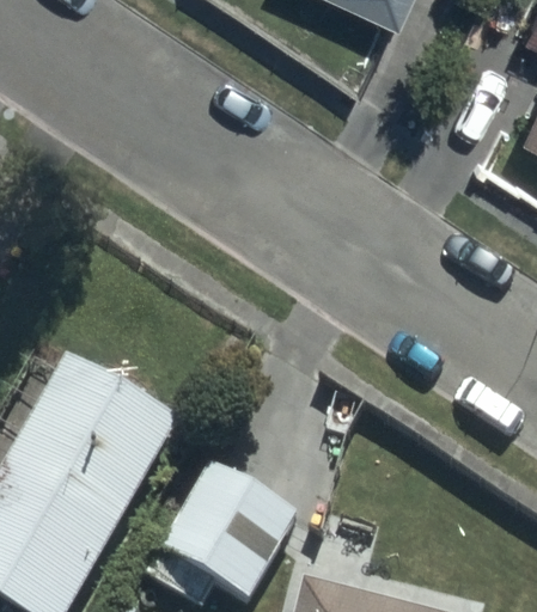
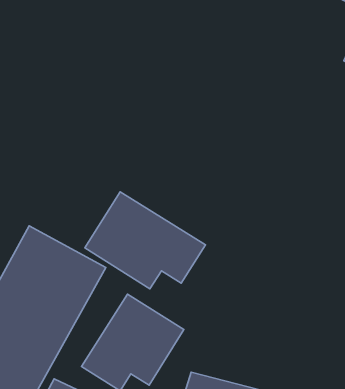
building: none -> [85,192,205,289]

